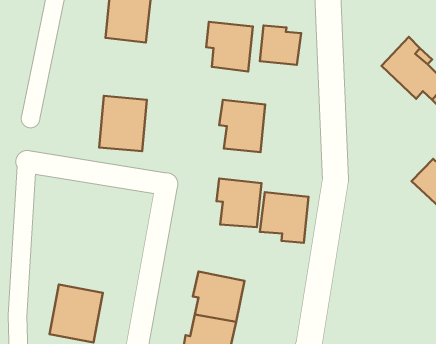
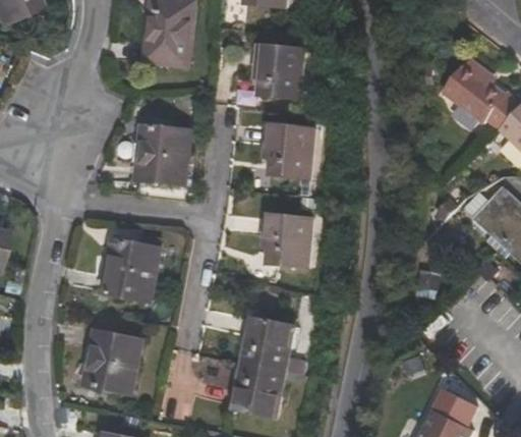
building: [260,26,301,65] -> none
building: [260,192,309,243] -> none
building: none -> [101,236,159,299]

